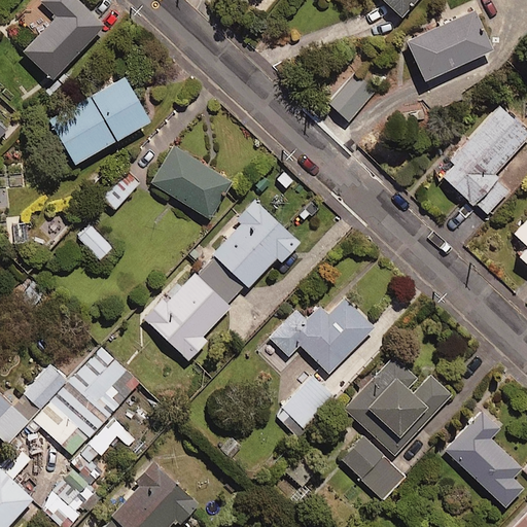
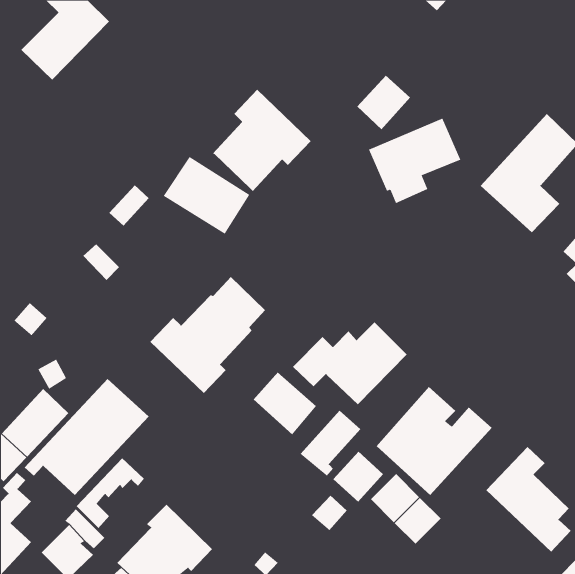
building: [409,20,493,98] -> [368,118,461,204]
building: [48,75,148,162] -> none
building: [211,196,302,289] -> [212,89,312,192]
building: none -> [253,371,317,435]
building: none -> [332,451,384,503]

